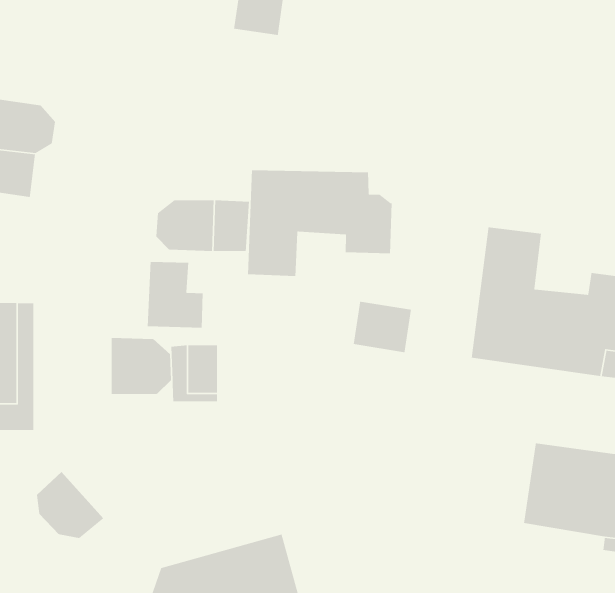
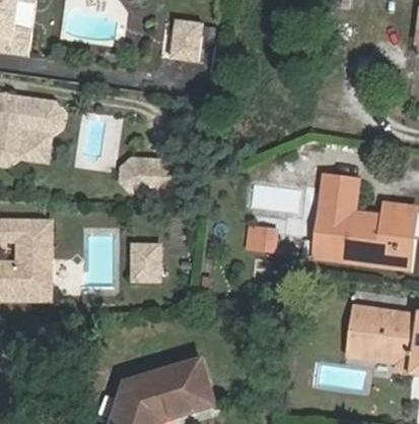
building: [247,169,392,277] -> none
building: [147,261,204,329] -> none
building: [111,337,172,395] -> none
building: [36,471,104,539] -> none

